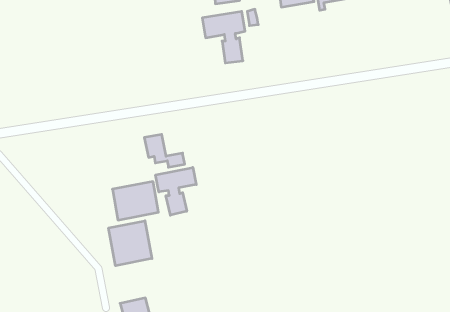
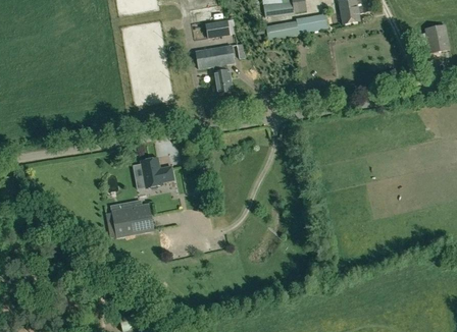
building: [156,167,196,215] -> none
building: [109,221,152,266] -> none

